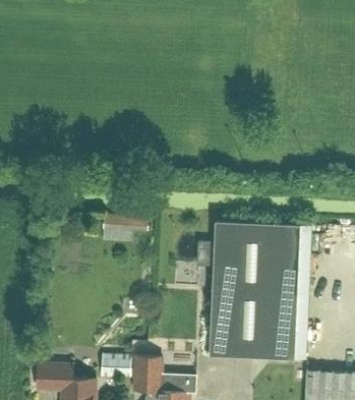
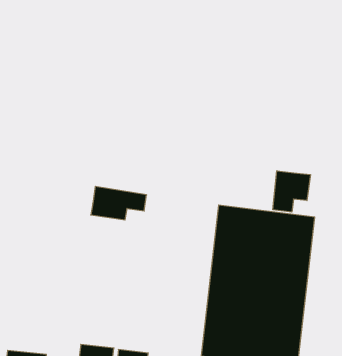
building: none -> [273,171,310,212]

